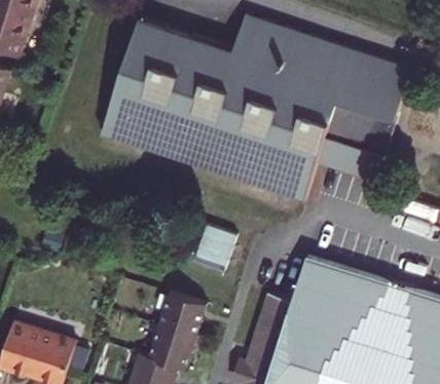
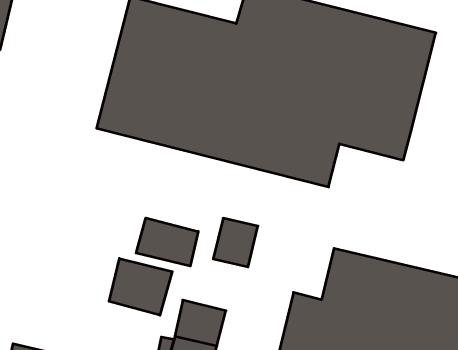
building: none -> [136,218,198,266]
building: none -> [109,258,172,315]

